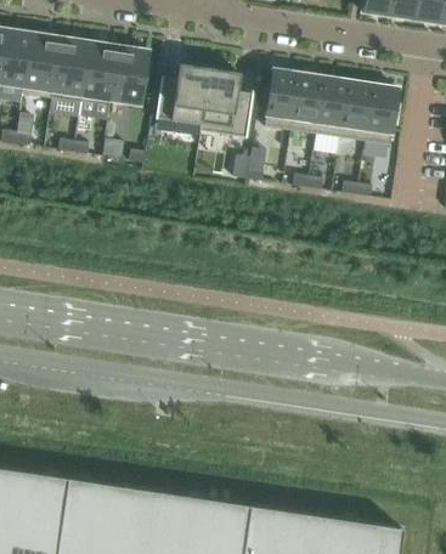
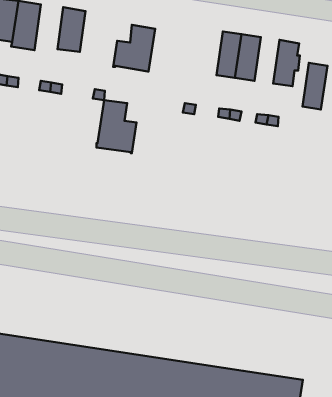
building: [51,38,89,101] -> none
building: [111,46,147,104] -> none
building: [199,69,252,138] -> [97,100,137,153]
building: [264,69,298,130] -> none
building: [339,80,372,141] -> [302,63,327,109]

